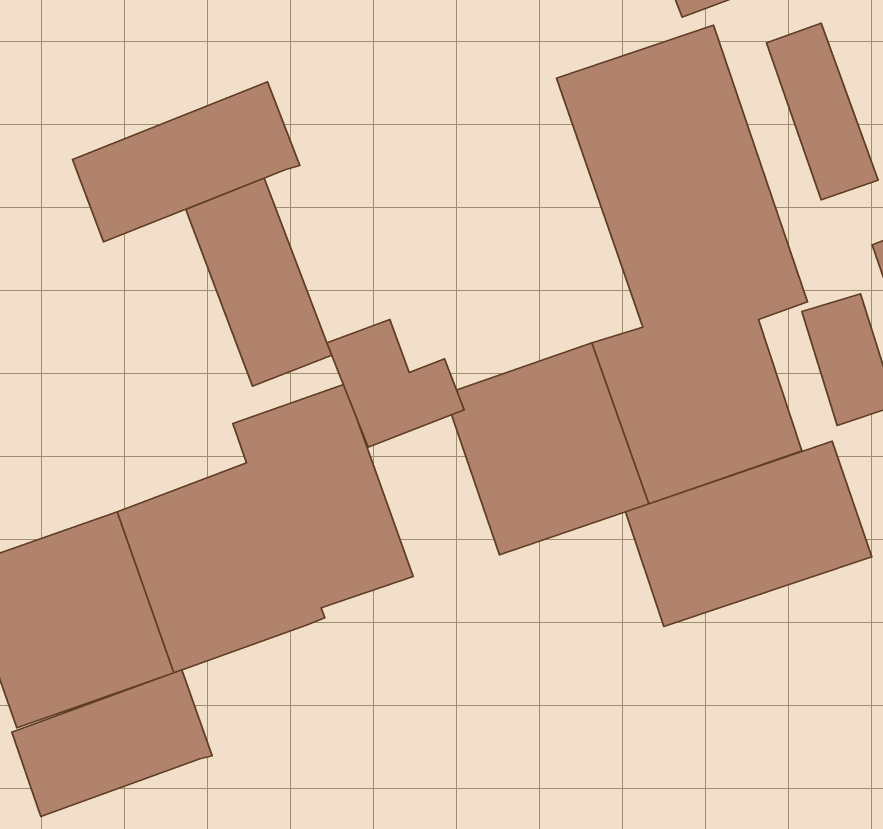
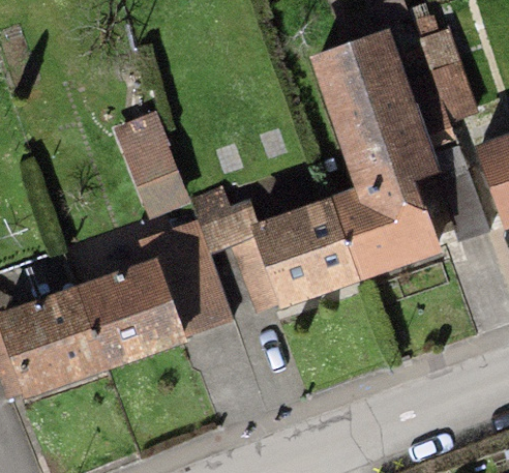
building: [73,82,300,242] -> none
building: [625,441,872,626] -> none
building: [12,670,212,816] -> none

